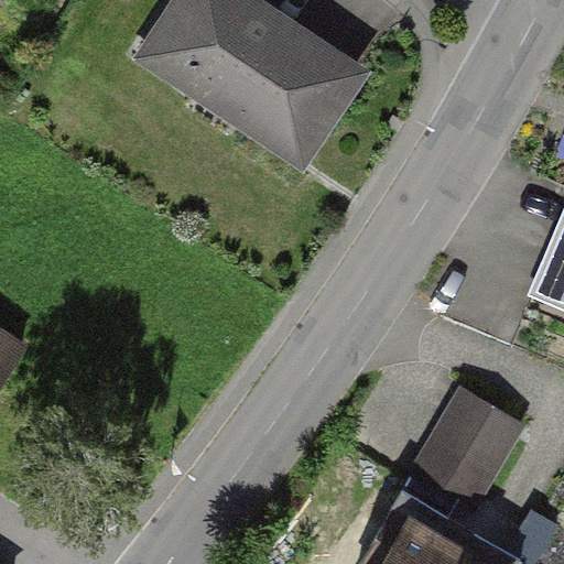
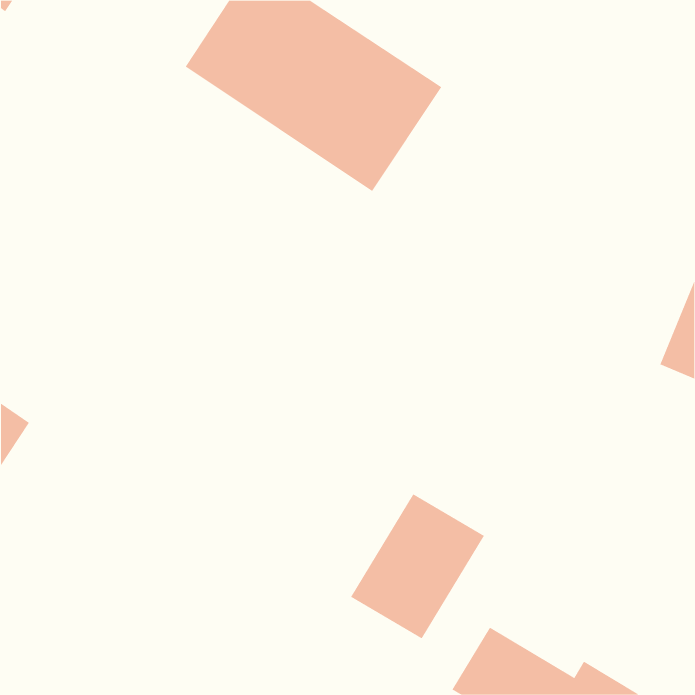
building: [414,390,523,508] -> [350,494,485,639]

